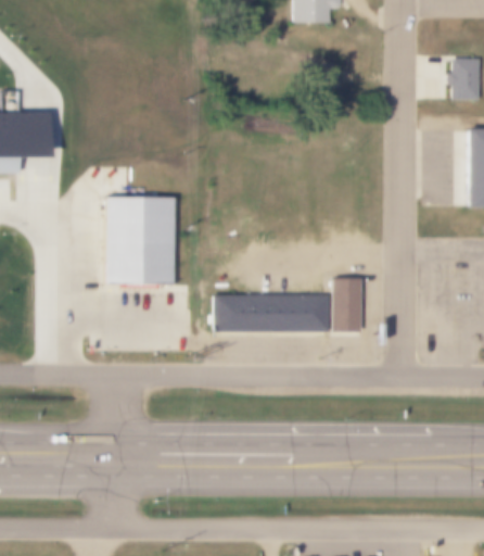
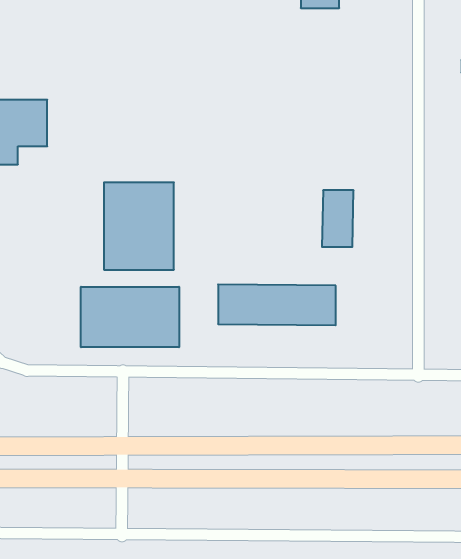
building: [333,274,364,328] -> [322,190,354,247]
building: none -> [81,287,179,347]

